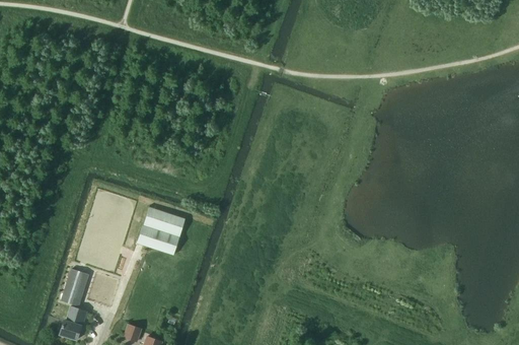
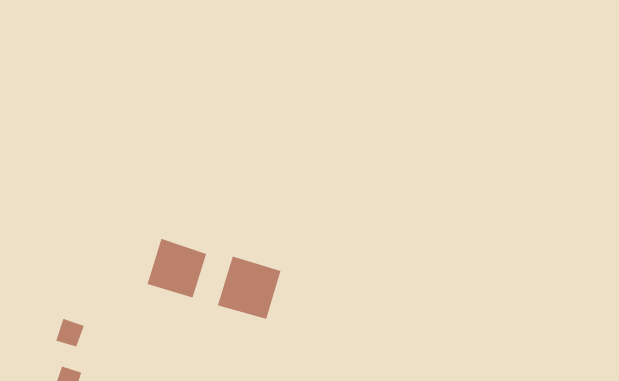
building: none -> [217,256,282,320]

